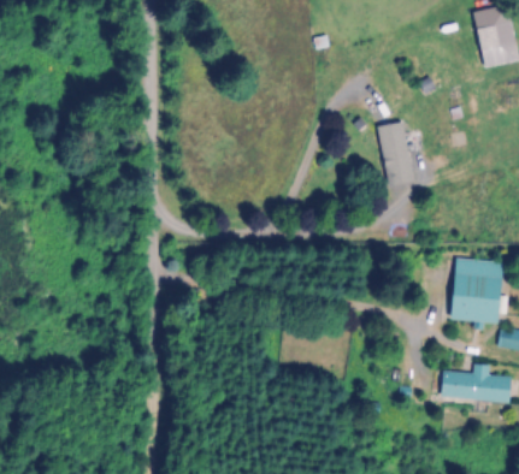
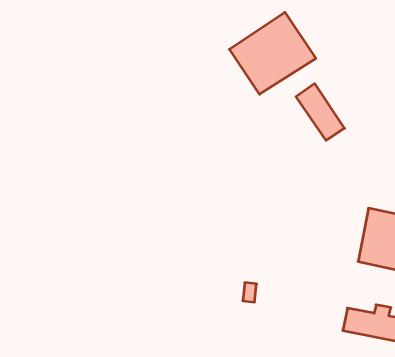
building: none -> [229,12,316,94]

